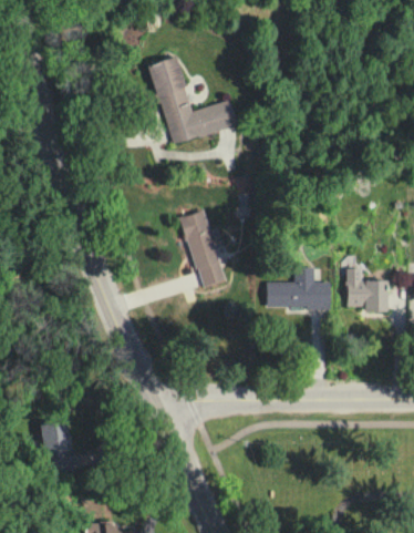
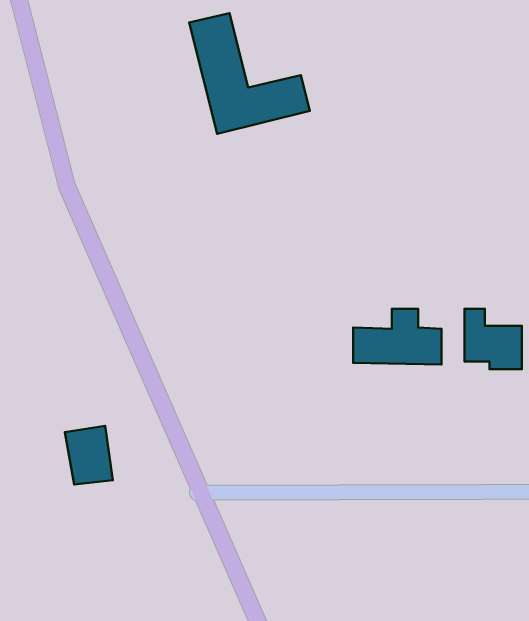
building: [183,211,222,288] -> none
building: [40,419,74,461] -> [65,426,113,485]

